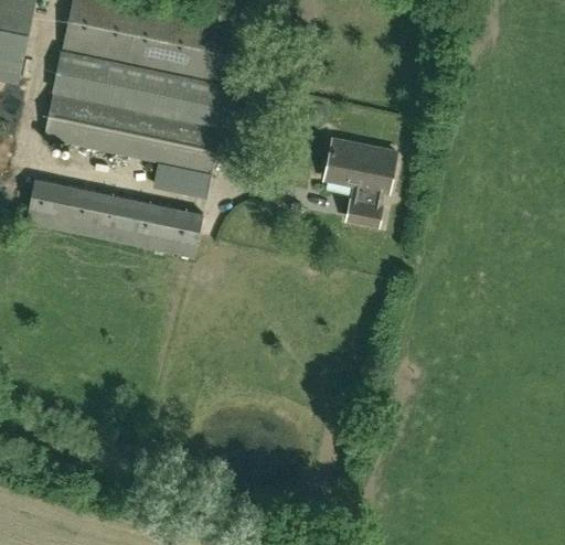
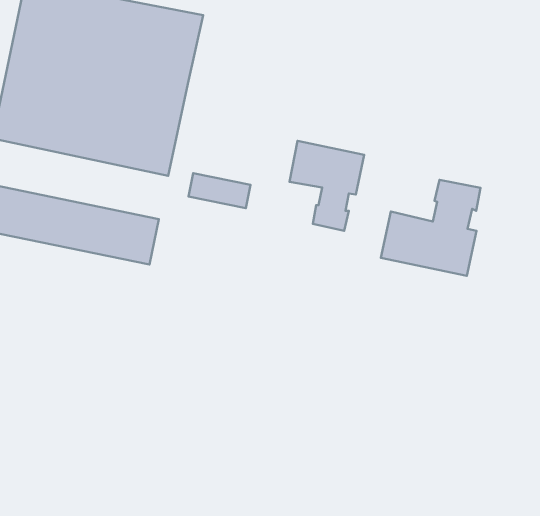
building: [151,163,210,196] -> [189,173,250,208]
building: none -> [381,180,480,276]

